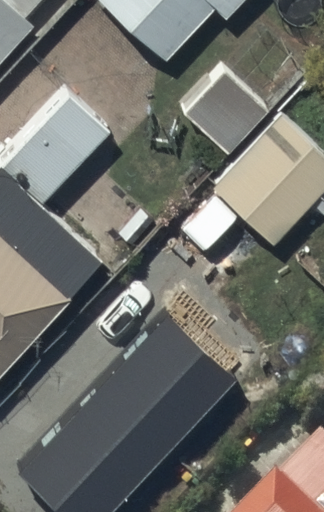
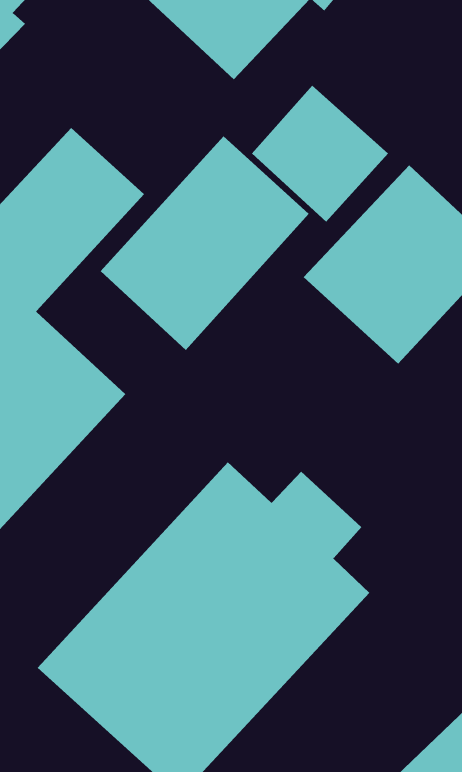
building: none -> [100,136,310,351]

